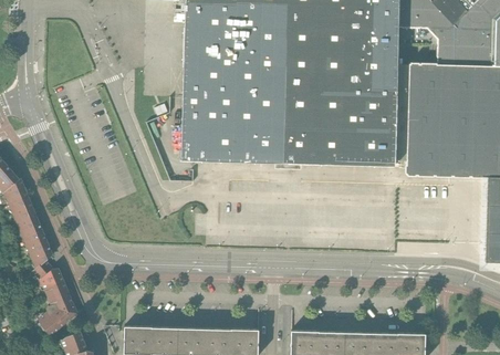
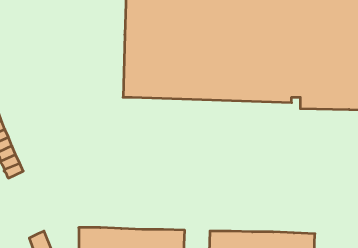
building: [29,261,75,336] -> none

